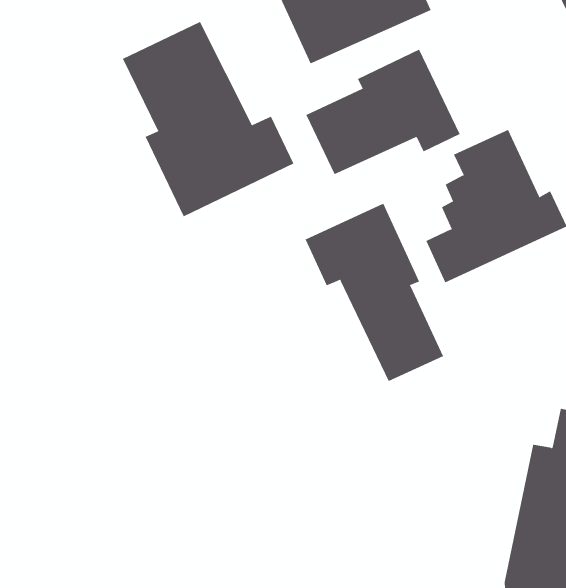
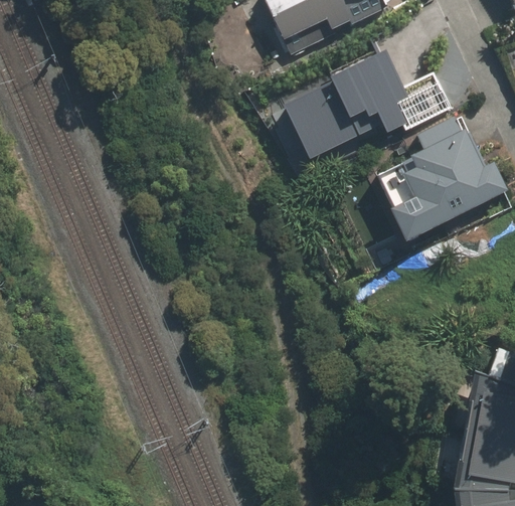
building: [122,21,294,217] -> none
building: [305,203,444,382] -> none

